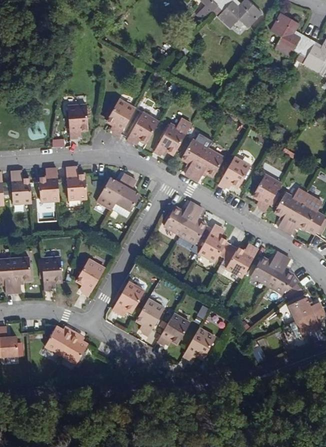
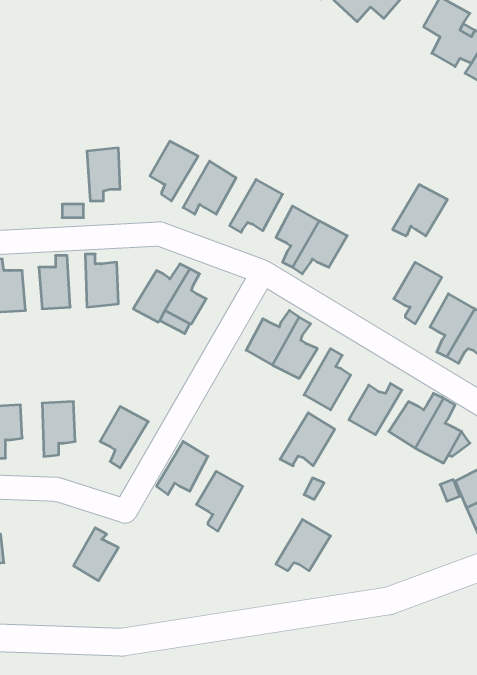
building: [218,156,251,187] -> [393,185,447,236]
building: [156,313,189,345] -> [280,413,335,466]
building: [44,327,73,356] -> none

